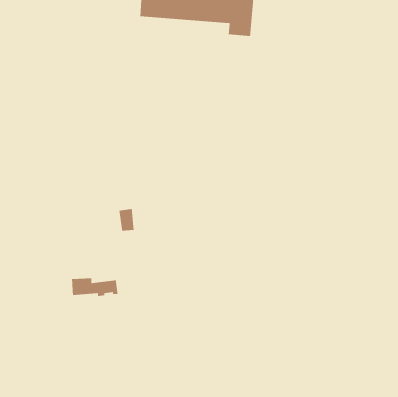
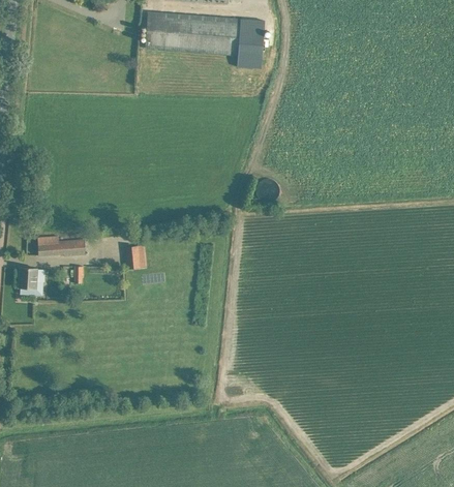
building: none -> [19,266,44,293]
building: [71,278,118,297] -> [37,235,86,254]

